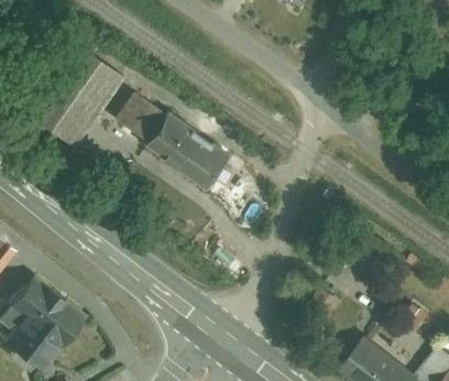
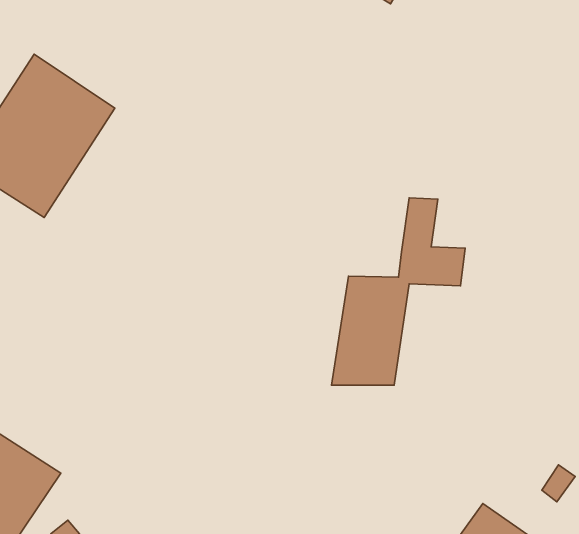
building: [121,96,233,189] -> none
building: none -> [332,198,465,385]

